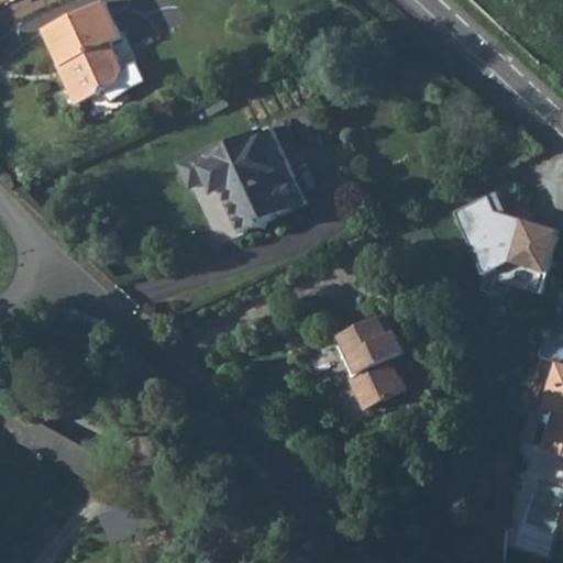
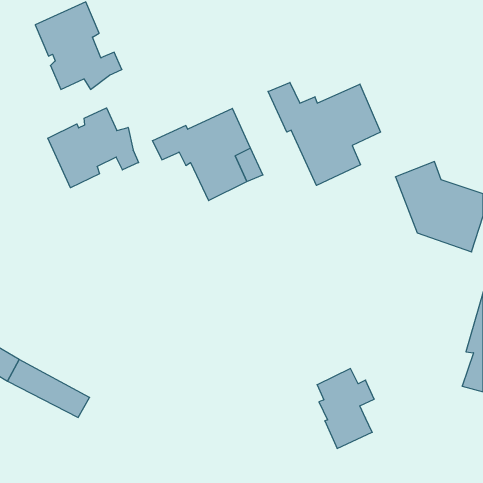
building: none -> [268,82,380,185]
building: none -> [48,108,139,188]
building: [335,317,401,409] -> [317,369,374,448]

